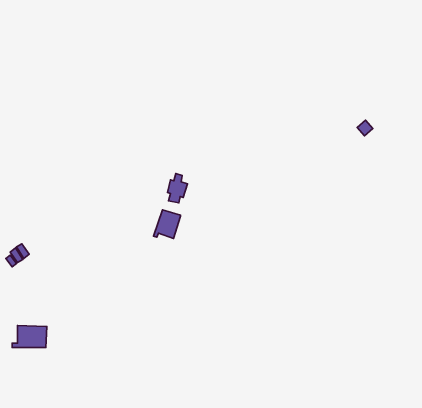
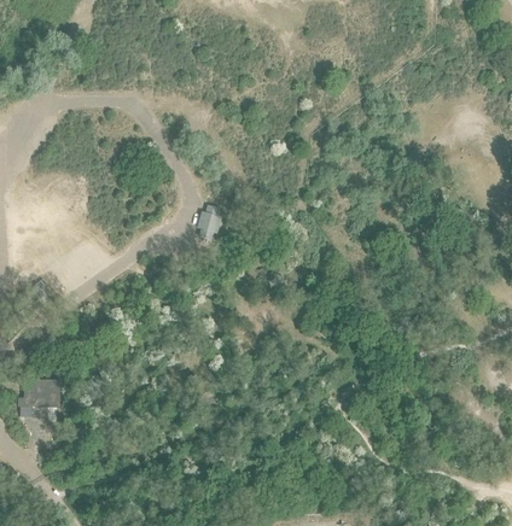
building: [153,210,181,238] -> none

